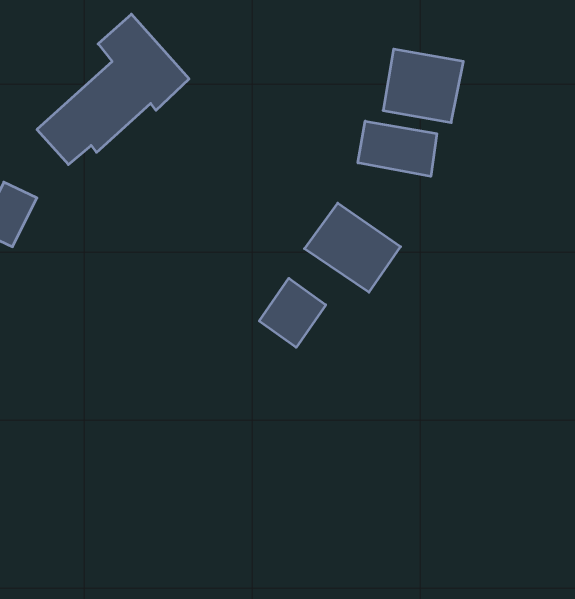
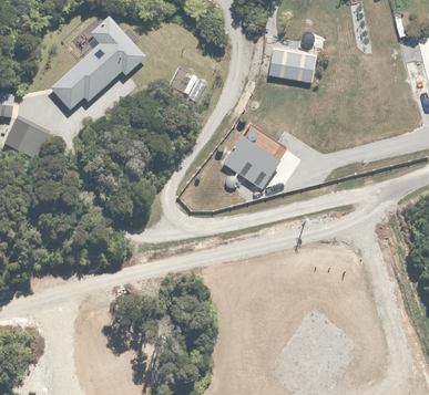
building: [358,121,437,176] -> none
building: [259,278,326,347] -> none

